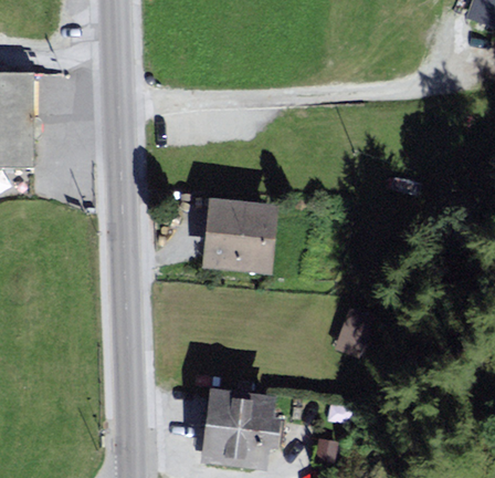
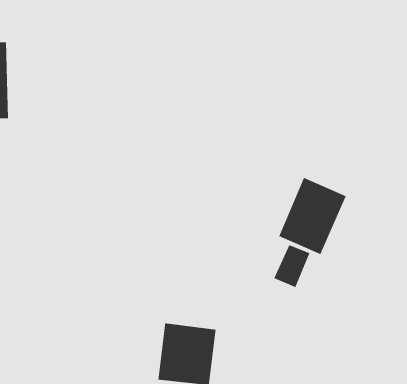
building: [206,200,273,270] -> none
building: none -> [278,177,347,255]

